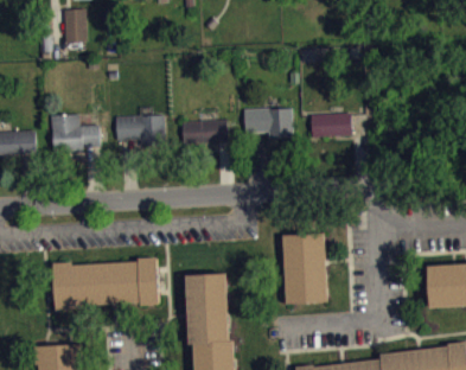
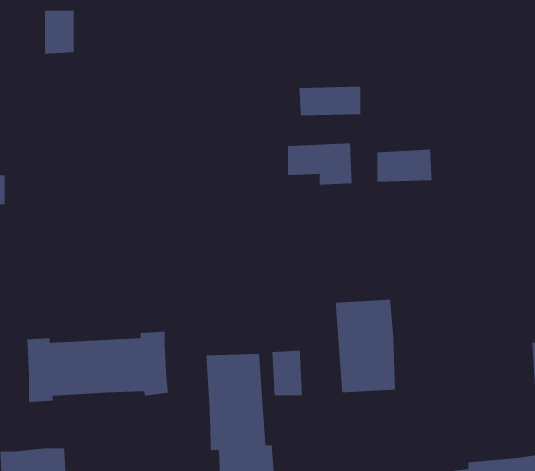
building: [51,120,100,157] -> none
building: [115,121,165,153] -> none
building: [181,127,228,149] -> [299,86,361,116]
building: none -> [271,350,303,396]

